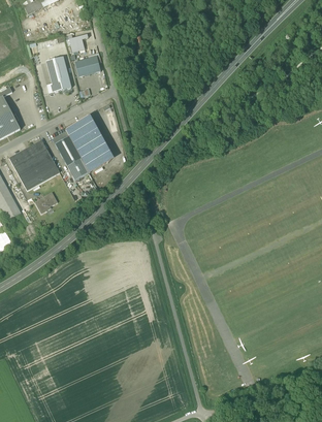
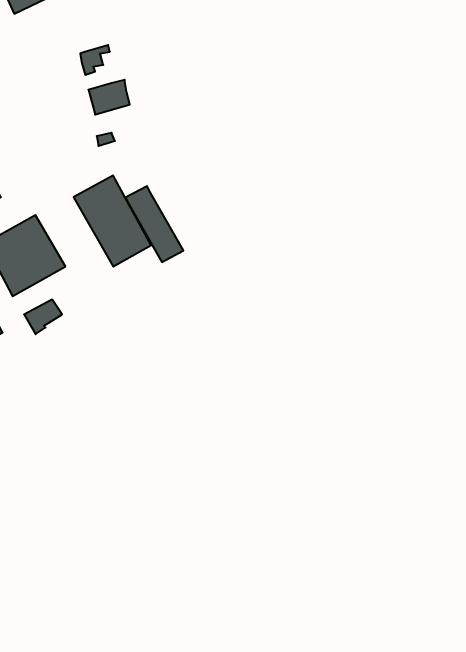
building: [45,56,71,91] -> none
building: [53,131,89,178] -> [126,186,183,262]

